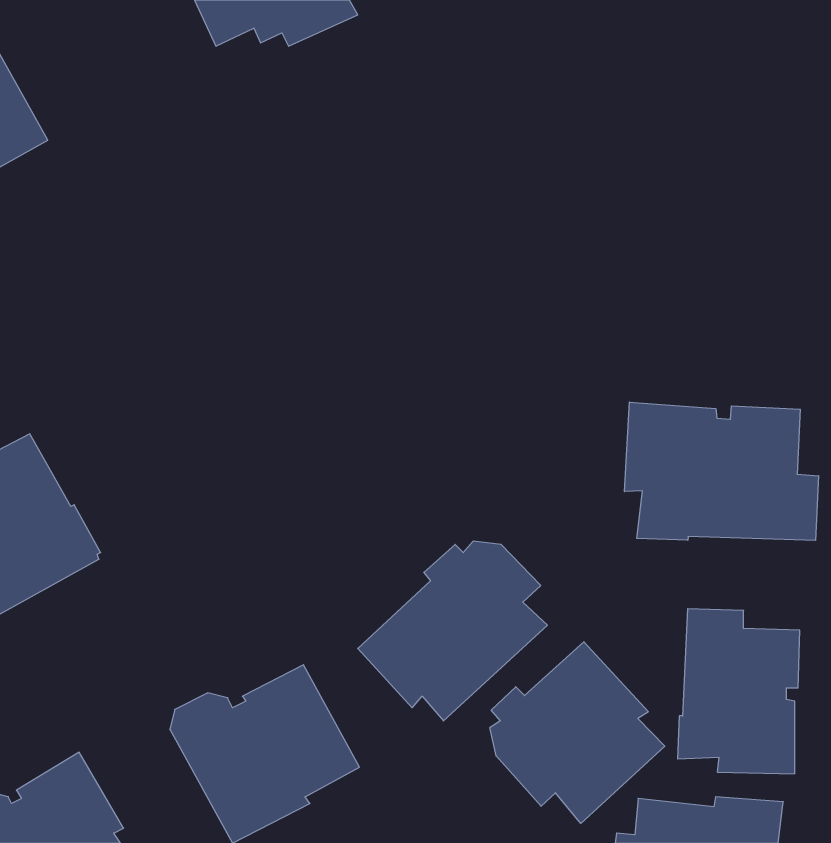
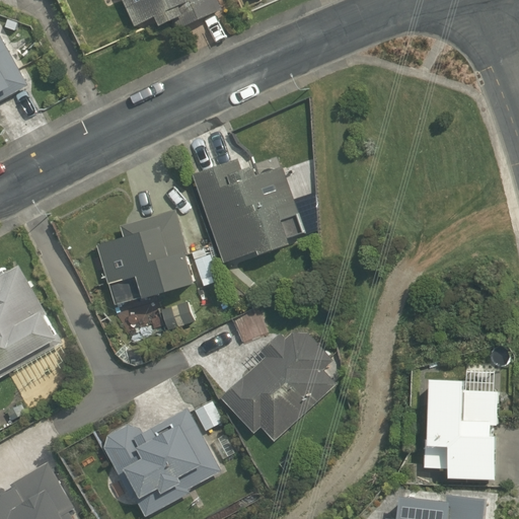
building: none -> [193,159,297,264]
building: none -> [96,210,200,305]
building: [625,402,819,540] -> none
building: [490,642,665,823] -> none

